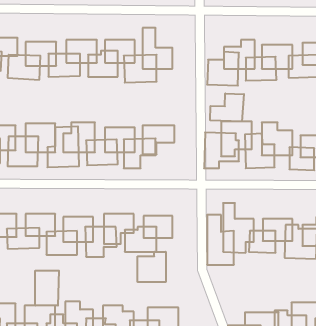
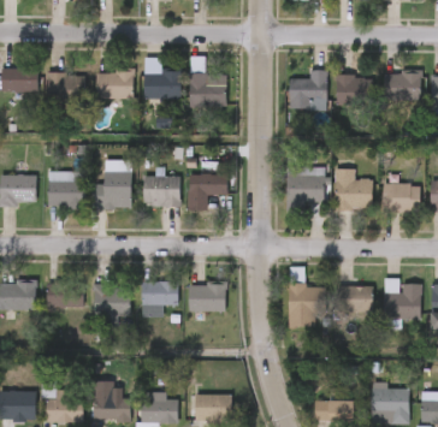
building: [210,93,244,121] -> none
building: [138,252,166,282] -> none
building: [35,271,59,306] -> none

